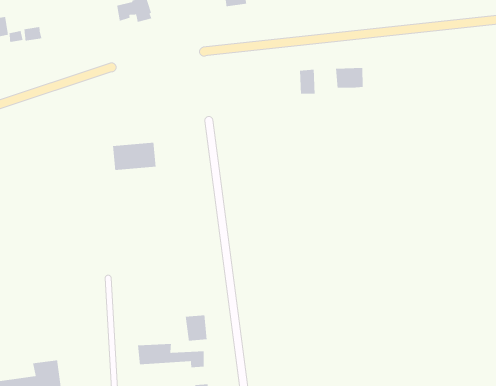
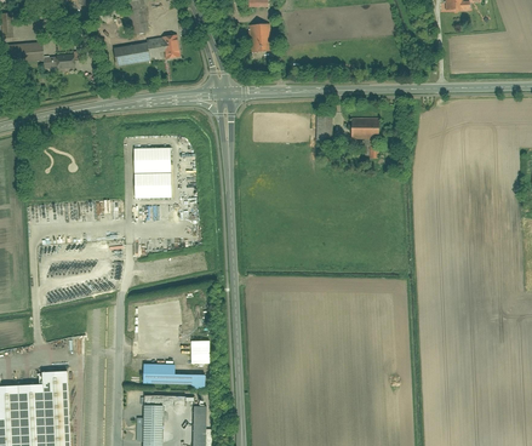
building: none -> [118,42,153,65]
building: none -> [135,148,175,173]

